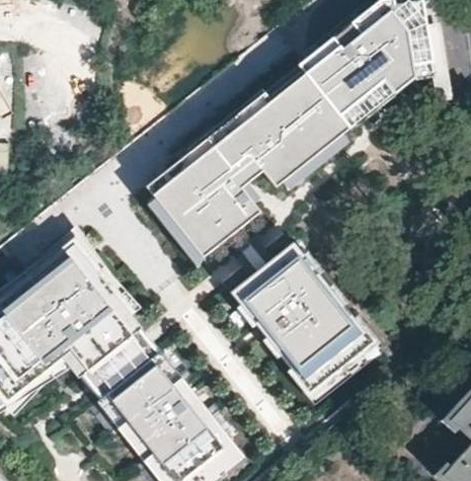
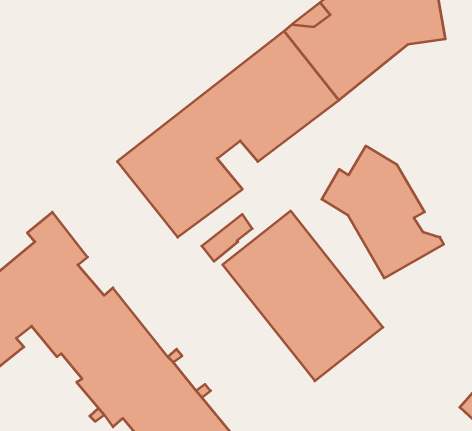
building: none -> [322,146,444,278]

